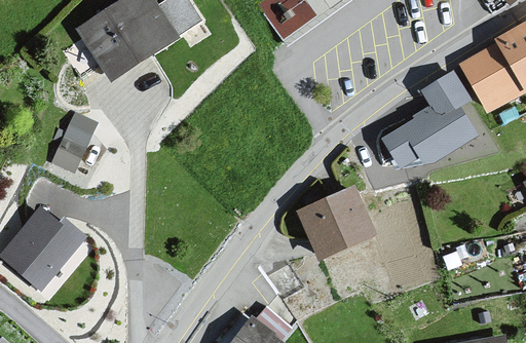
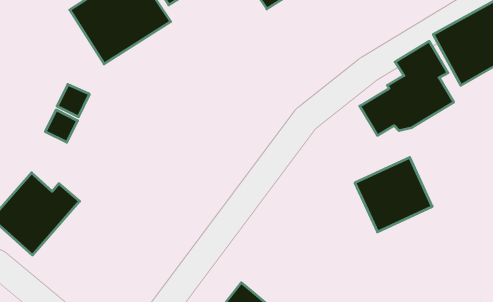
building: [297,187,378,265] -> [355,157,432,232]

